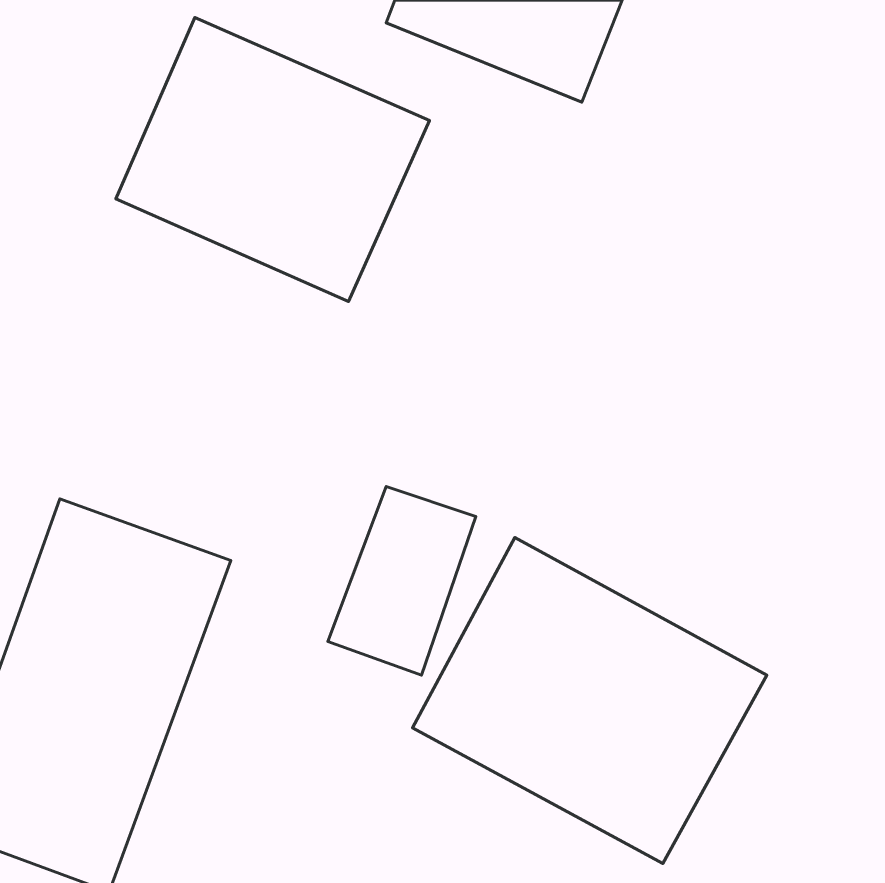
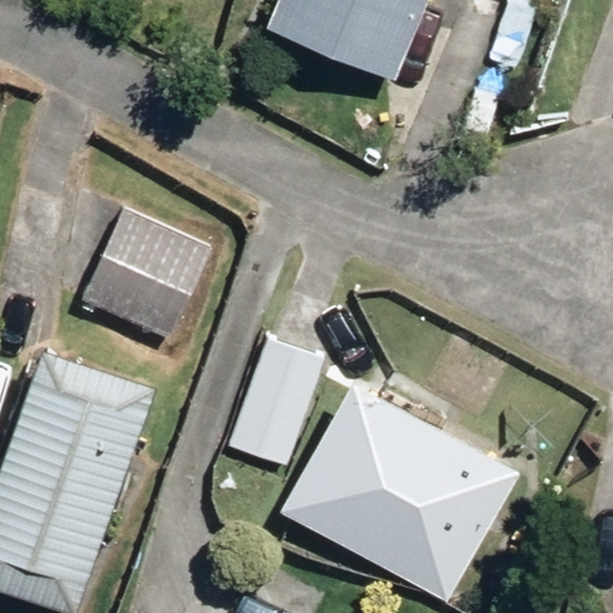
building: [116,17,429,302] -> none
building: none -> [75,210,211,346]

